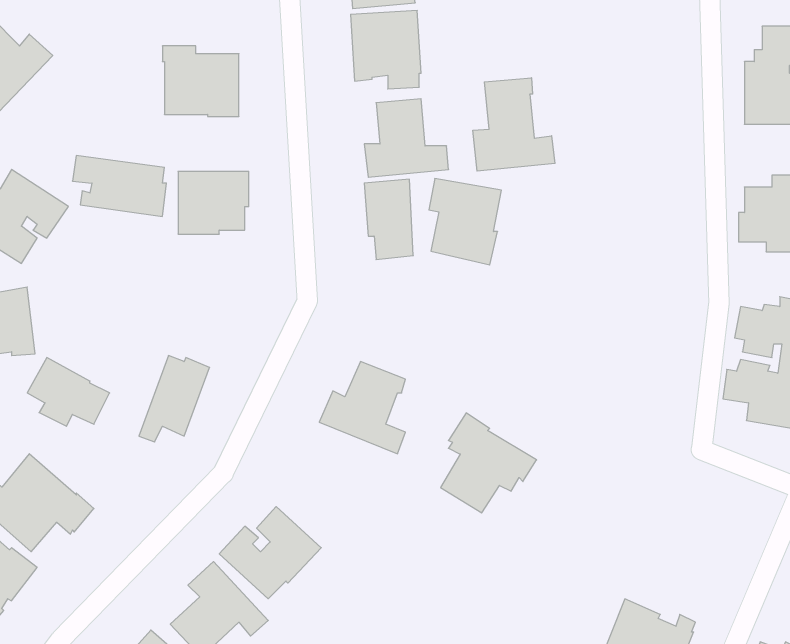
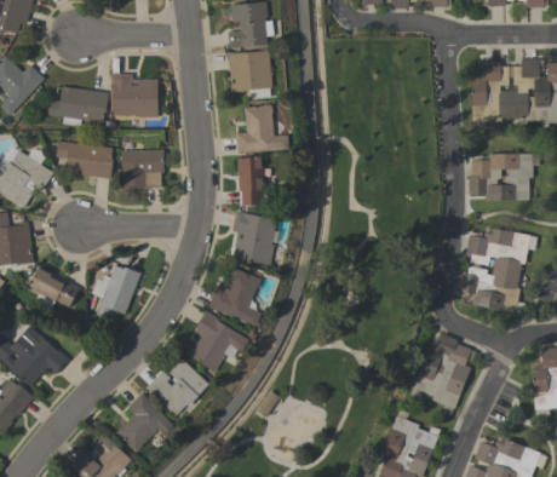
building: none -> [47,86,109,125]
building: [473,78,555,171] -> none
building: [429,179,501,265] -> [232,211,277,264]
building: [441,413,537,513] -> [190,309,249,370]
building: none -> [413,332,472,408]

